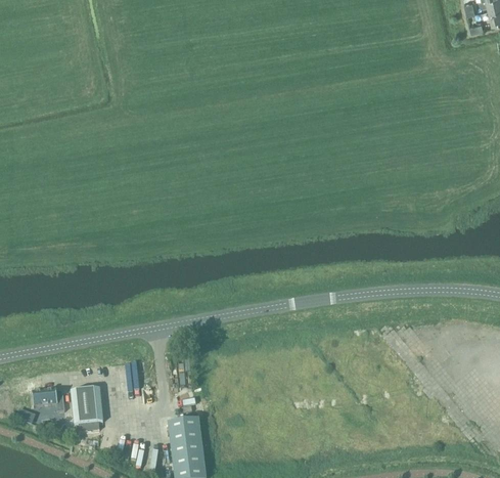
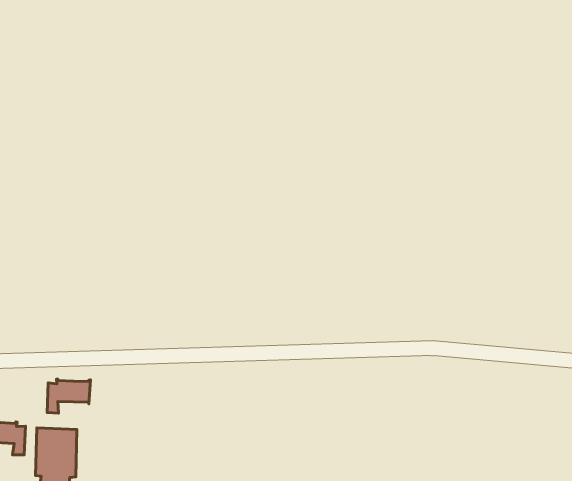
building: none -> [47,379,90,413]

